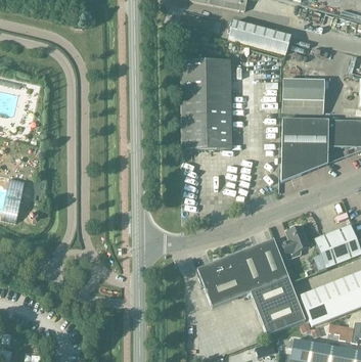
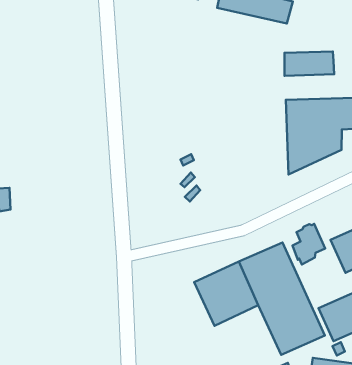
building: [180,59,231,148] -> none
building: [282,97,324,114] -> none

